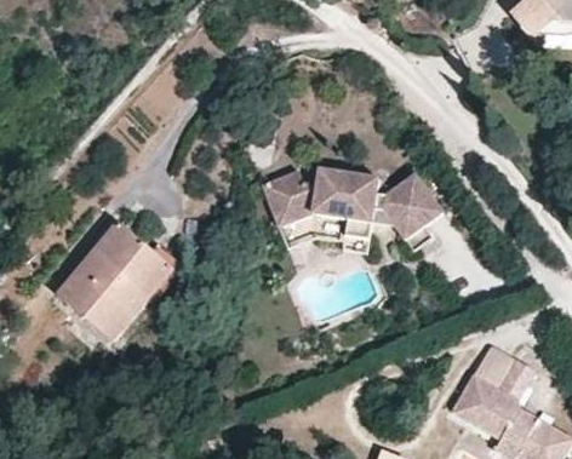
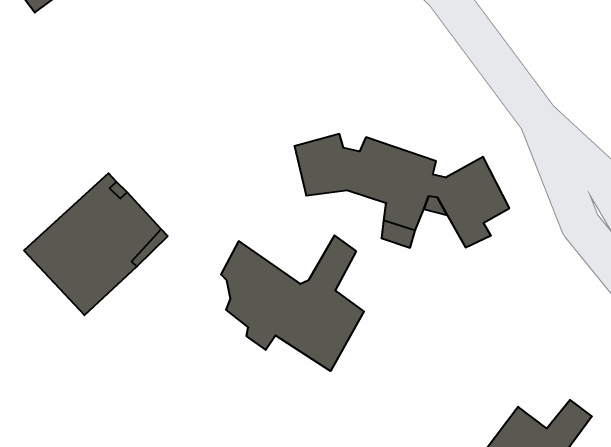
building: none -> [221,235,364,371]

